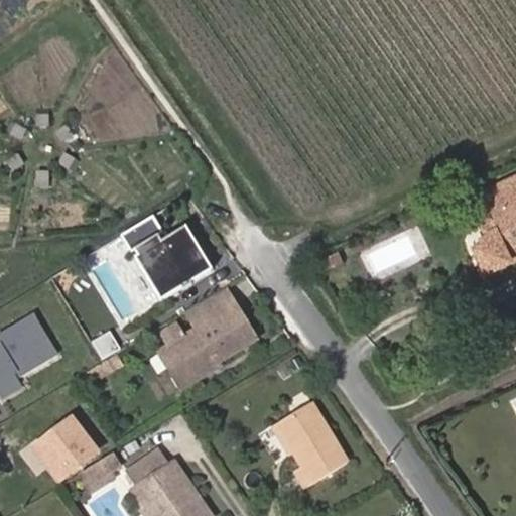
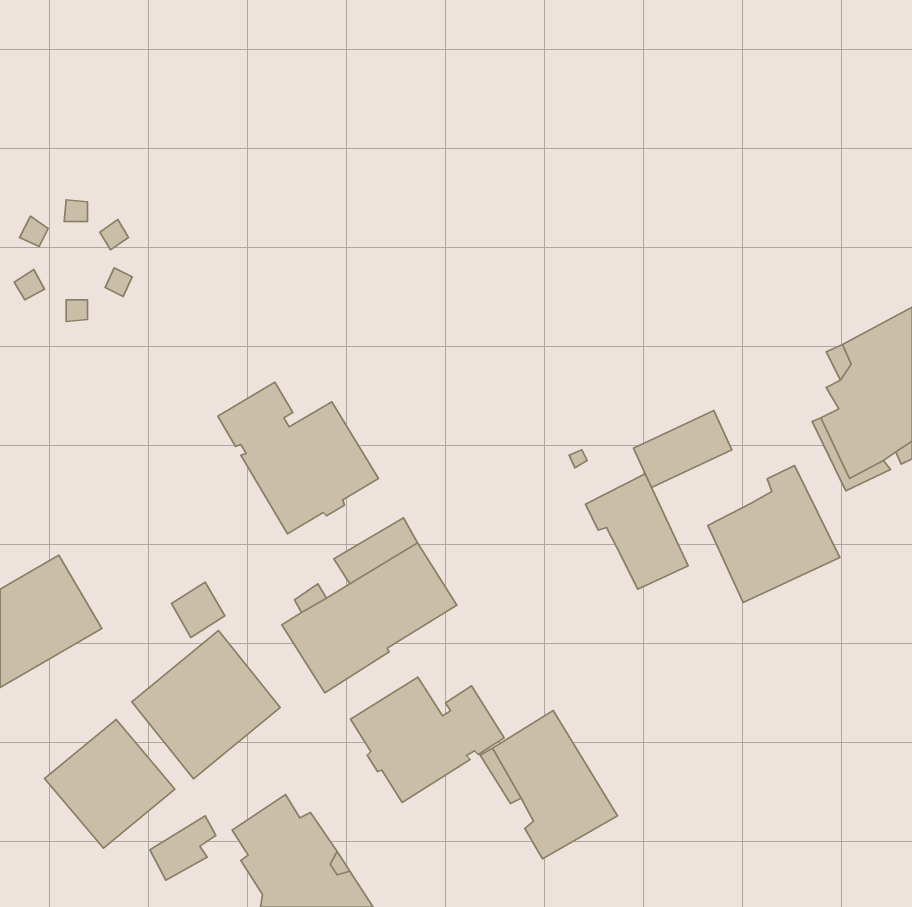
building: none -> [708,465,840,602]
building: none -> [585,474,688,589]
building: none -> [132,631,280,779]
building: none -> [350,677,504,803]

